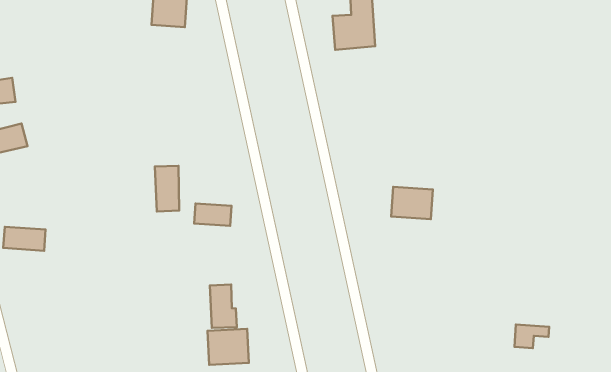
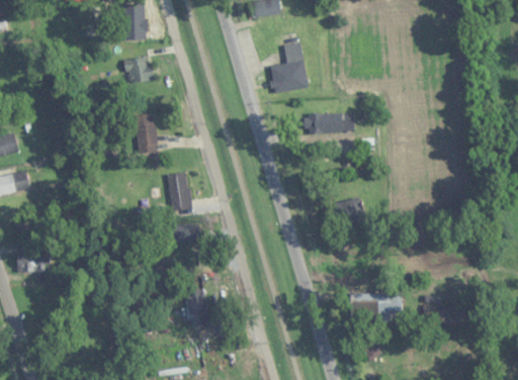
building: none -> [135,113,155,151]
building: [155,166,179,212] -> [168,172,190,210]
building: none -> [352,292,402,320]
building: [208,329,249,365] -> none

